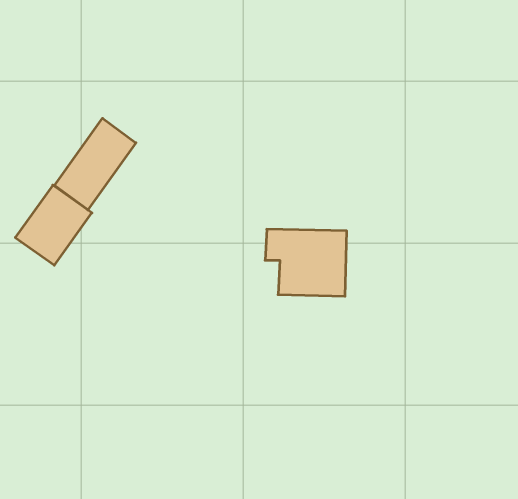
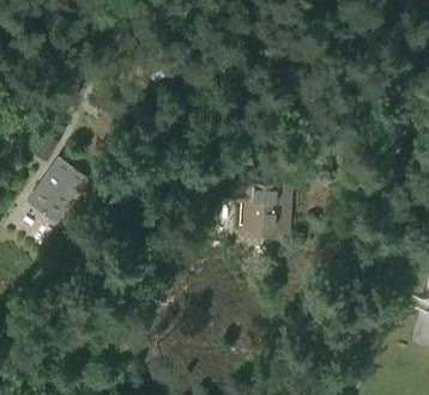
building: [54,118,136,210] -> none

